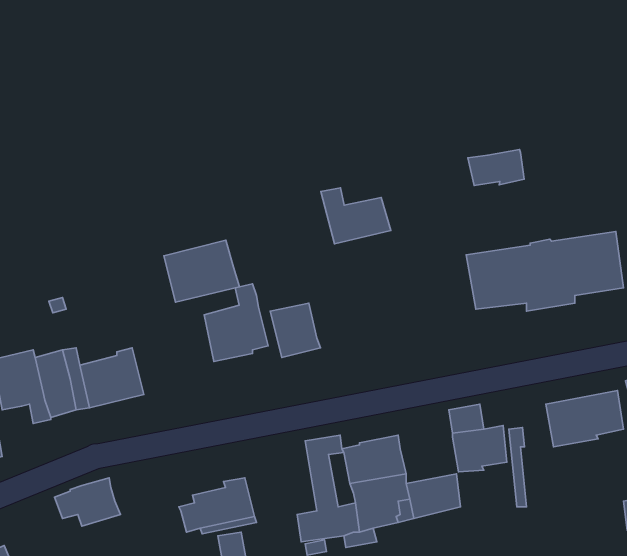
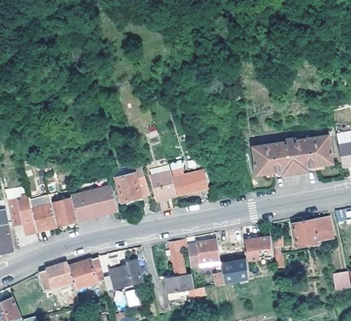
building: [468,150,524,185] -> none
building: [321,188,391,244] -> [171,165,207,194]
building: [164,240,239,302] -> [79,186,118,218]
building: none -> [68,256,104,287]

